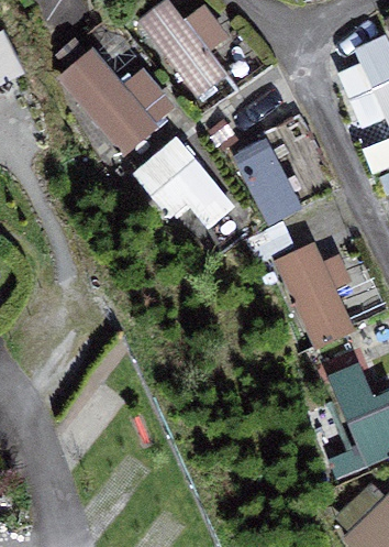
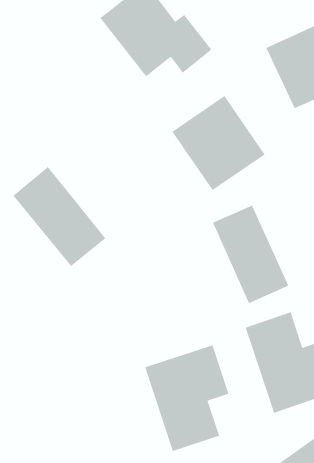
building: [56,32,176,155] -> none
building: [133,129,237,241] -> [12,166,106,267]
building: none -> [144,344,229,452]

